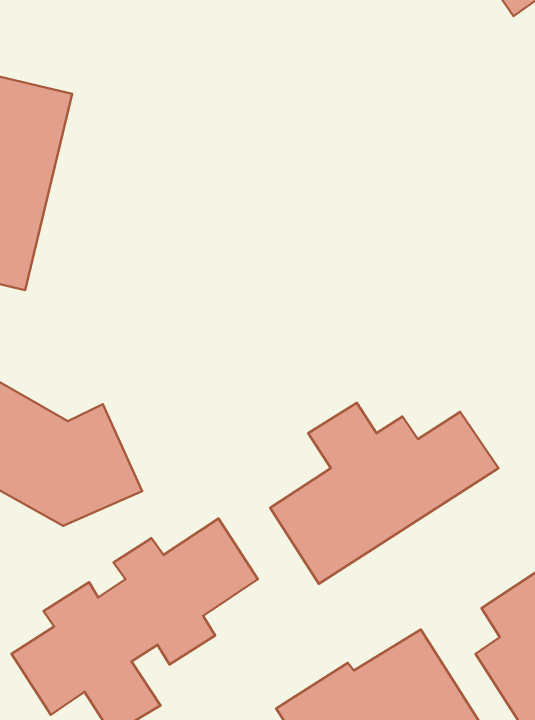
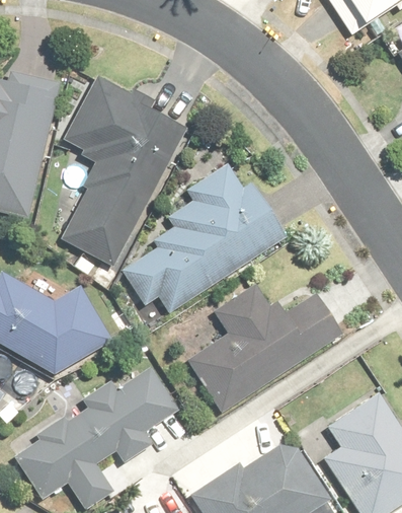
building: none -> [63,78,182,266]
building: none -> [123,166,283,310]

